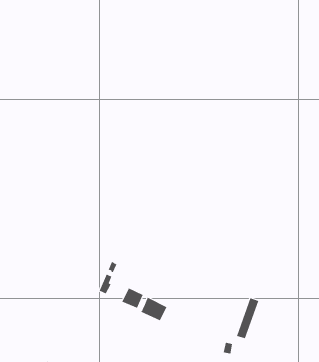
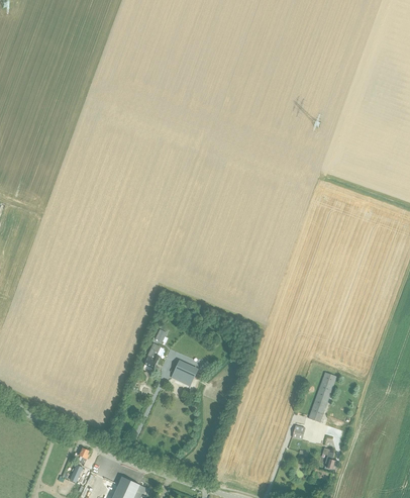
building: [140,297,167,321] -> none

